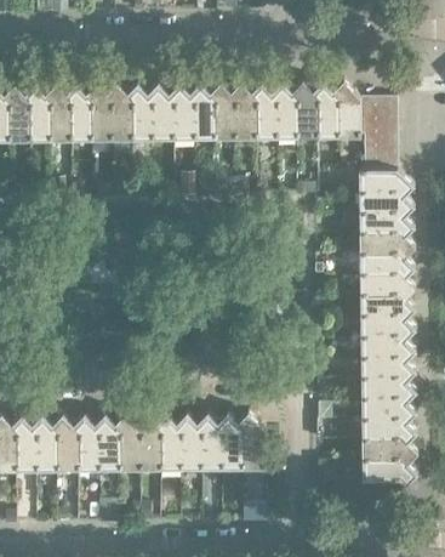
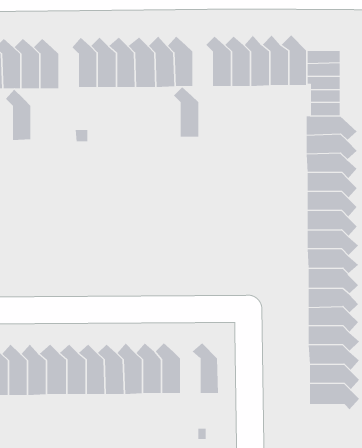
building: [229,85,257,140] -> [173,87,199,137]
building: [85,86,113,142] -> [5,89,31,141]
building: [216,415,244,470] -> none

